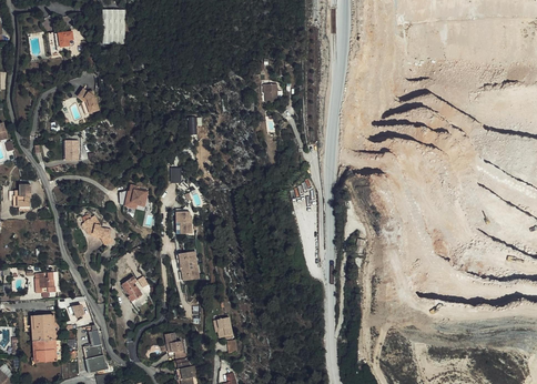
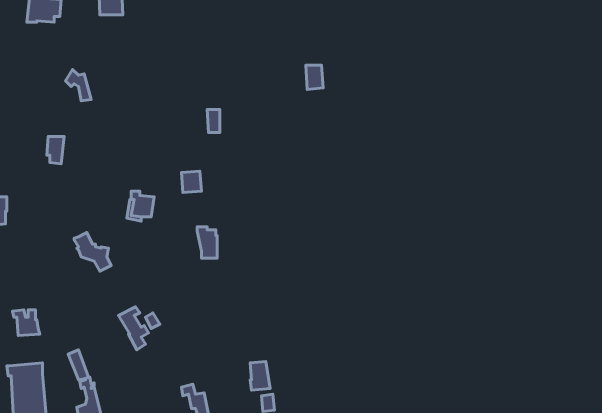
building: [175,251,201,282] -> none

